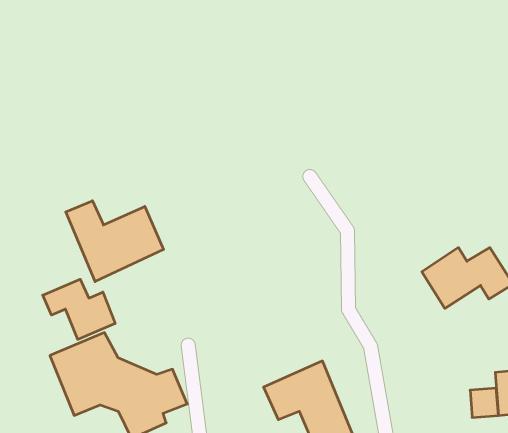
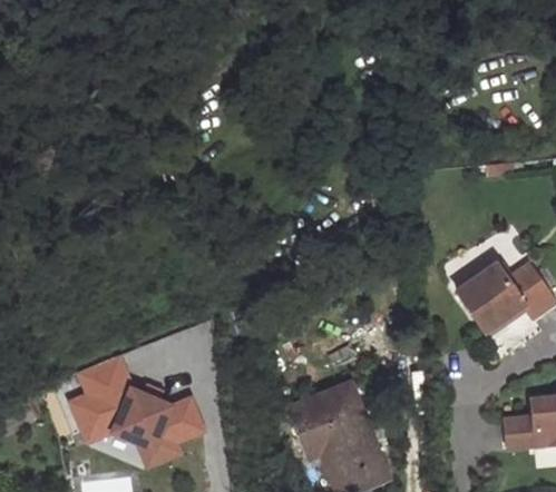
building: [66,201,164,282] -> none
building: [43,279,115,339] -> none

